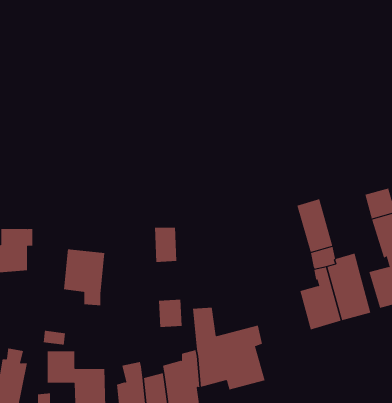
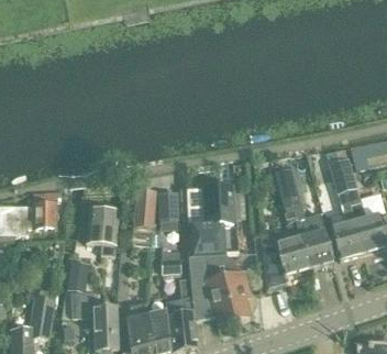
building: none -> [188,186,233,254]
building: none -> [133,188,155,225]

